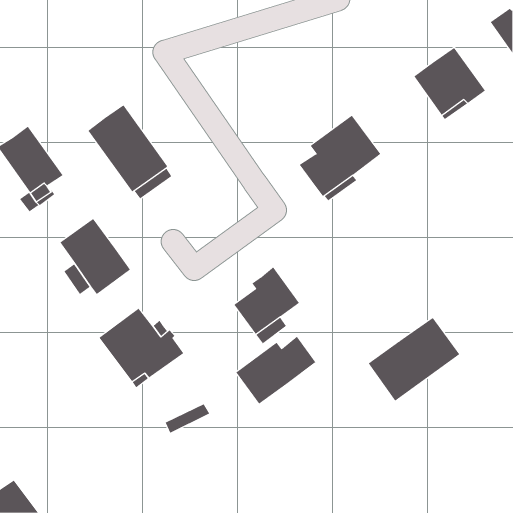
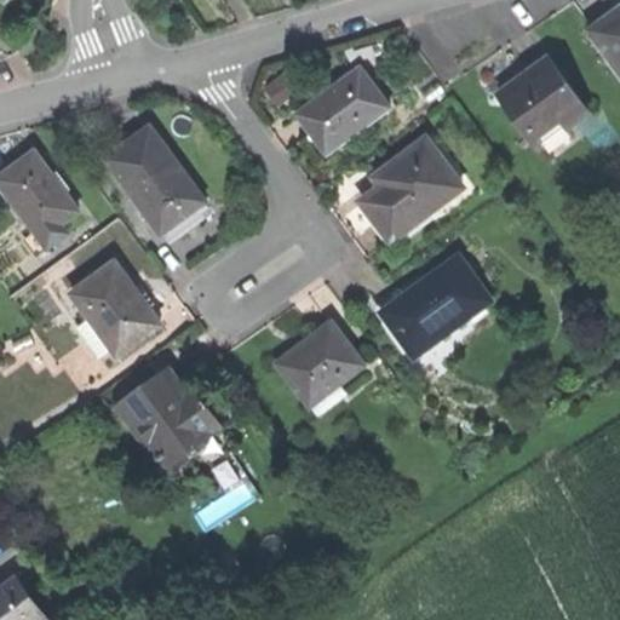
building: none -> [297,67,388,151]
building: [368,317,460,402] -> [378,254,489,356]
building: [235,336,316,405] -> none

